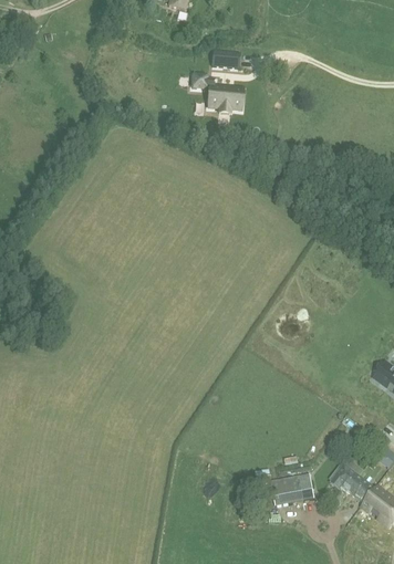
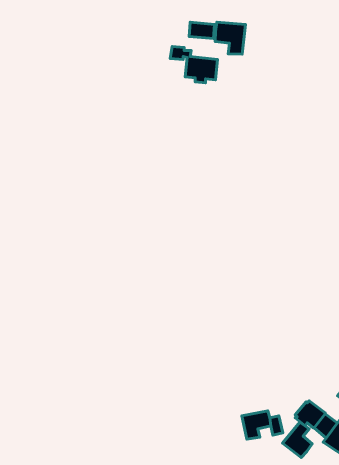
building: none -> [215,22,245,54]
building: none -> [283,422,312,458]

